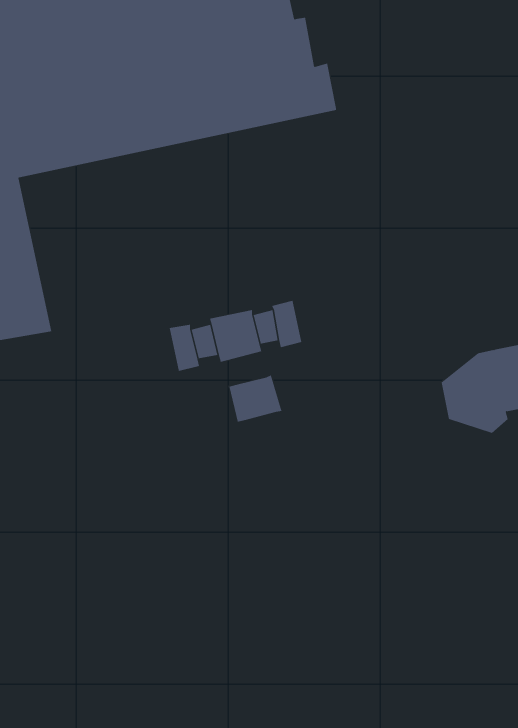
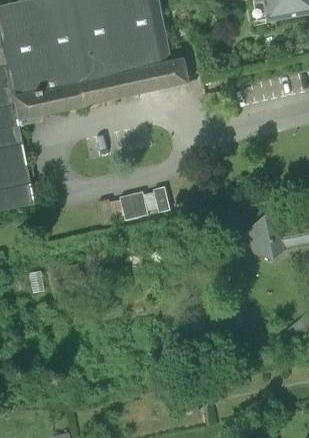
building: [229,374,282,423] -> none

